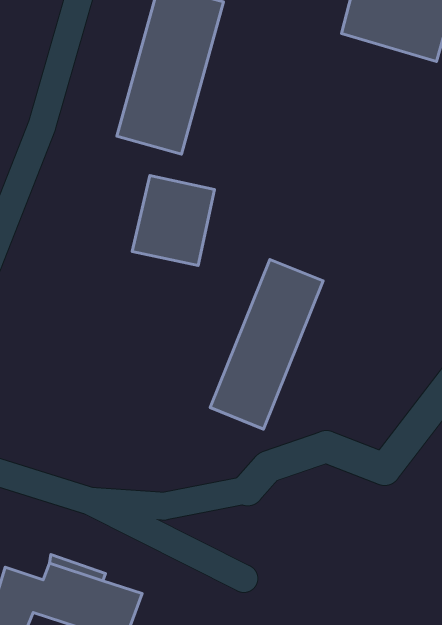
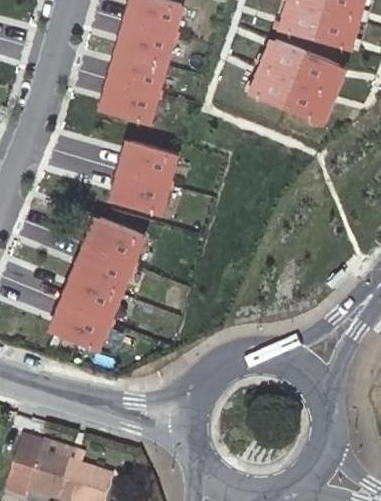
building: none -> [252,39,340,122]
building: [210,259,323,429] -> [55,217,144,351]

